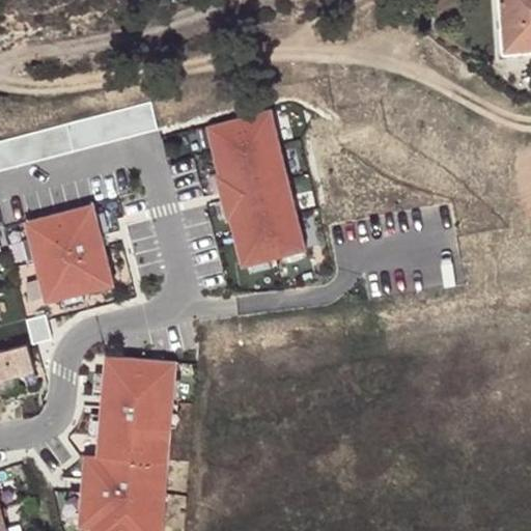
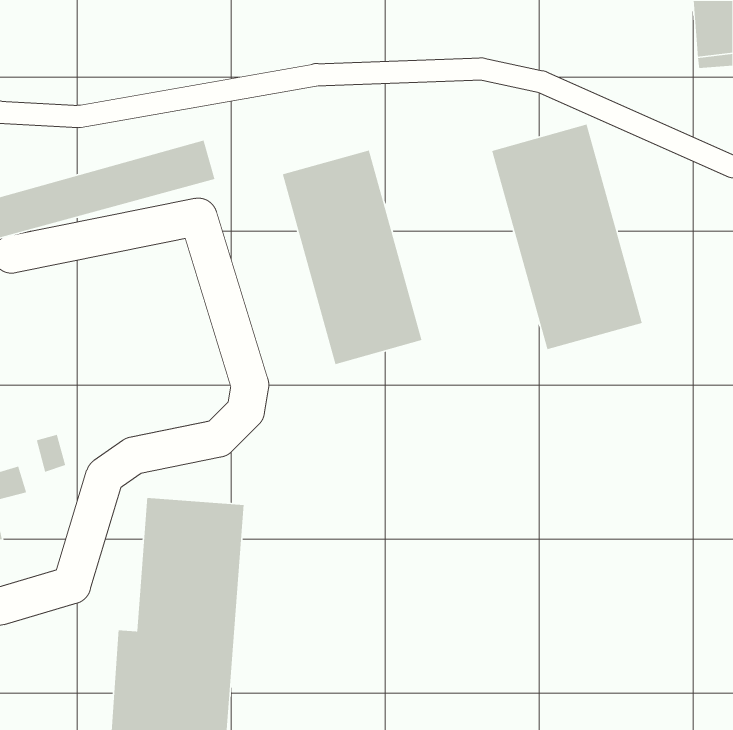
building: none -> [491,124,643,350]
building: [22,200,113,300] -> none

